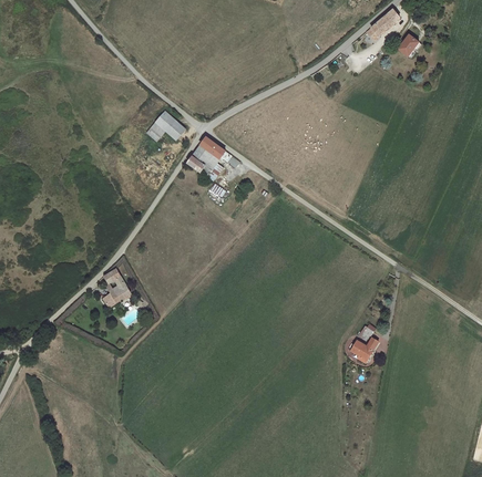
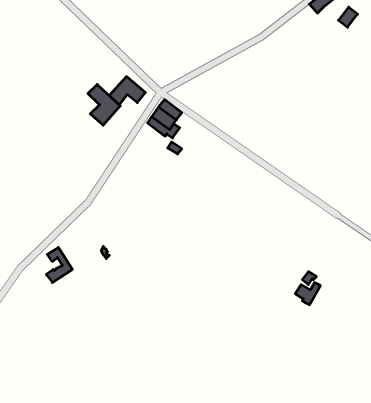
building: none -> [88,84,120,125]
building: [102,268,131,307] -> [46,247,72,283]

